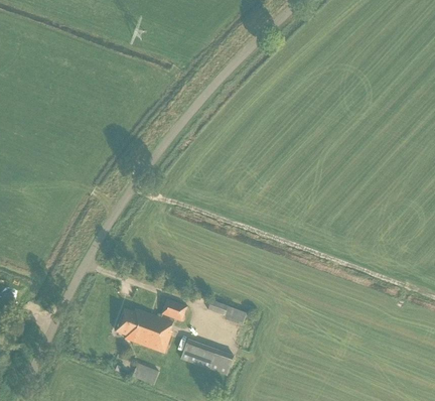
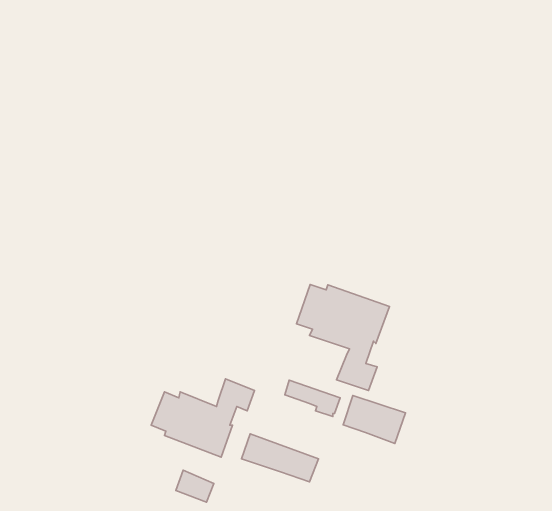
building: none -> [297,284,390,390]
building: none -> [343,396,405,444]

